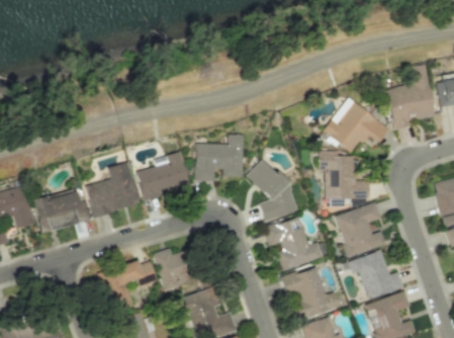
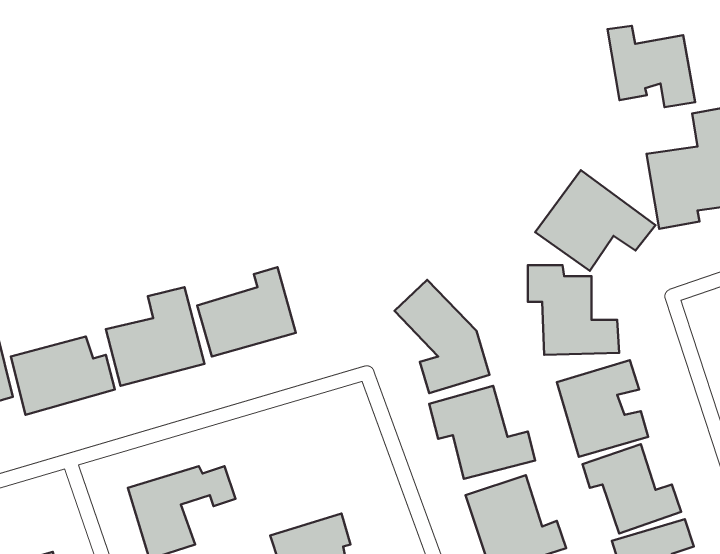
building: none -> [607,26,695,107]
building: [195,135,243,181] -> none
building: [153,249,193,290] -> none

